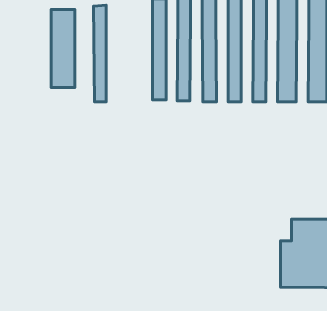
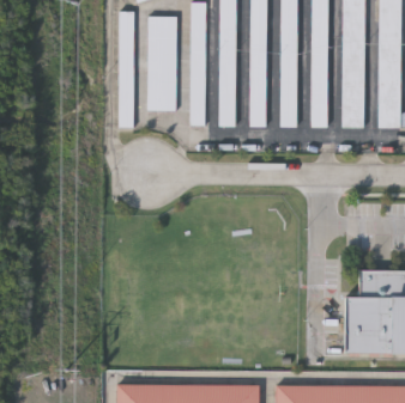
building: [51,10,75,87] -> [147,17,176,111]

